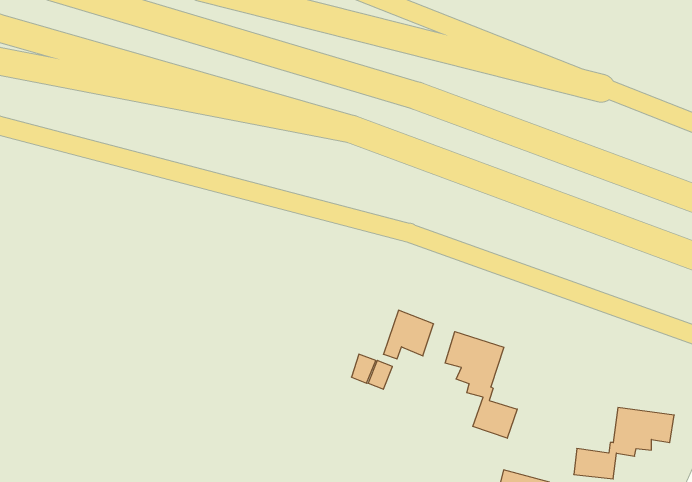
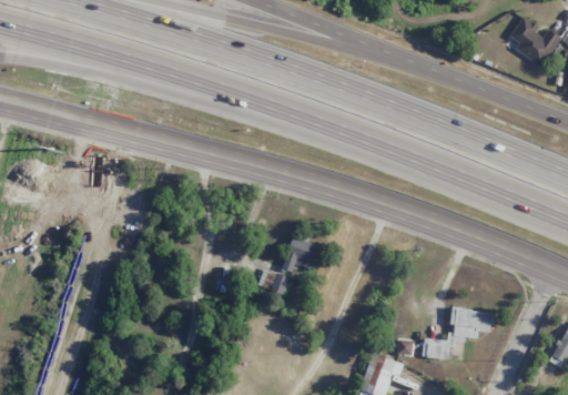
building: [445,332,517,438] -> none

